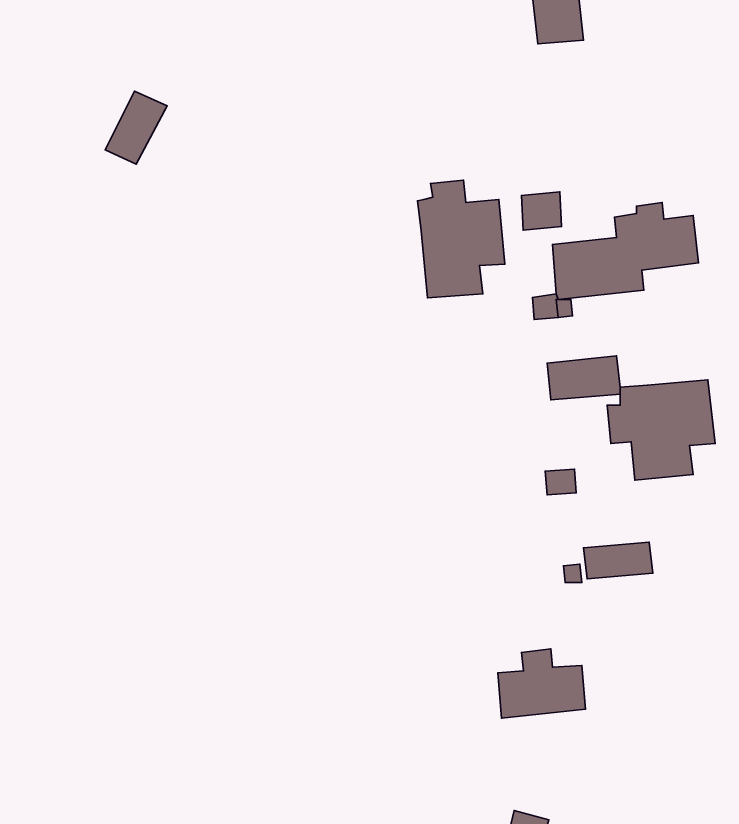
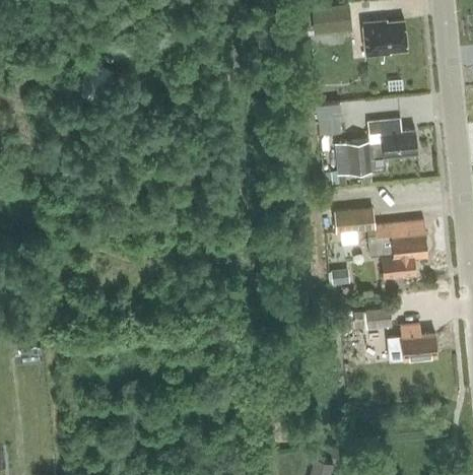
building: none -> [363,18,406,56]
building: [418,180,505,298] -> none
building: [498,649,585,718] -> [387,323,435,361]

